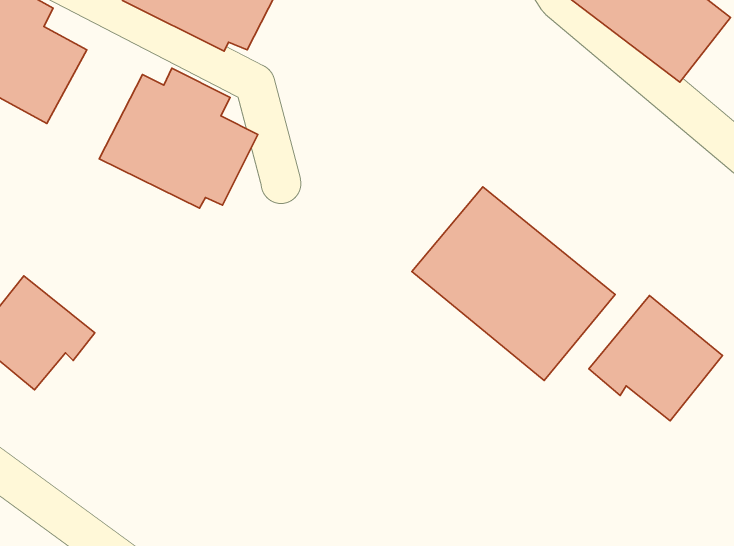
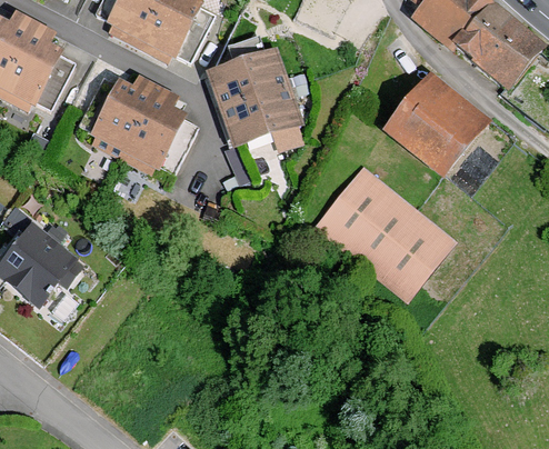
building: none -> [202,42,306,147]
building: none -> [379,73,485,178]
building: [589,295,723,421] -> none

